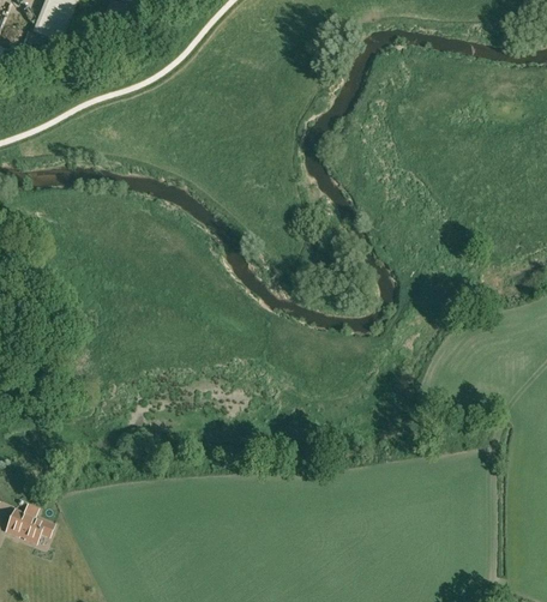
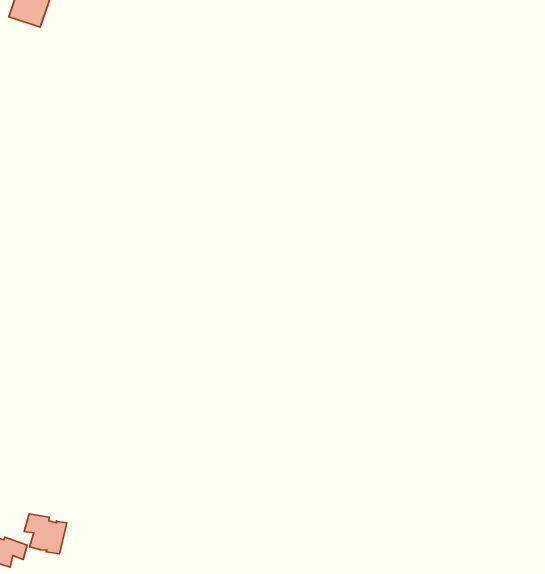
building: none -> [24,514,67,554]

